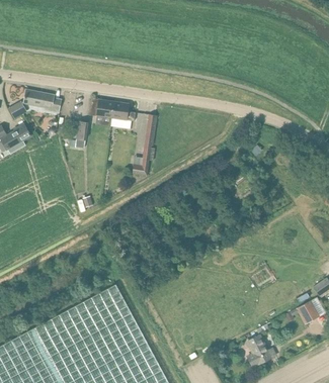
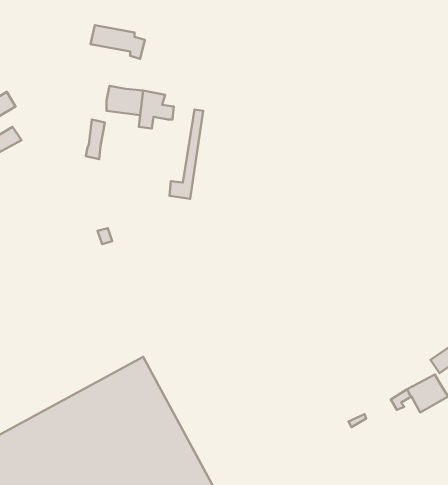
building: [23,90,61,113] -> [90,25,145,59]
building: [246,334,275,367] -> none

